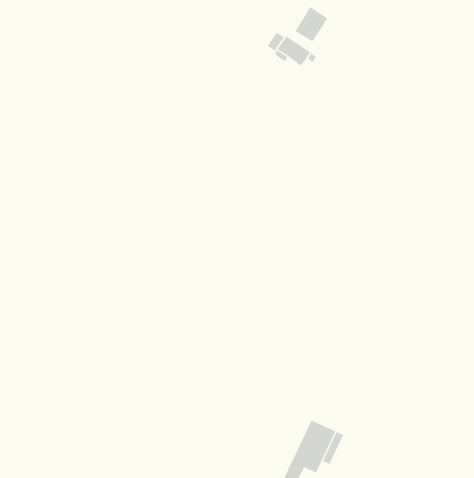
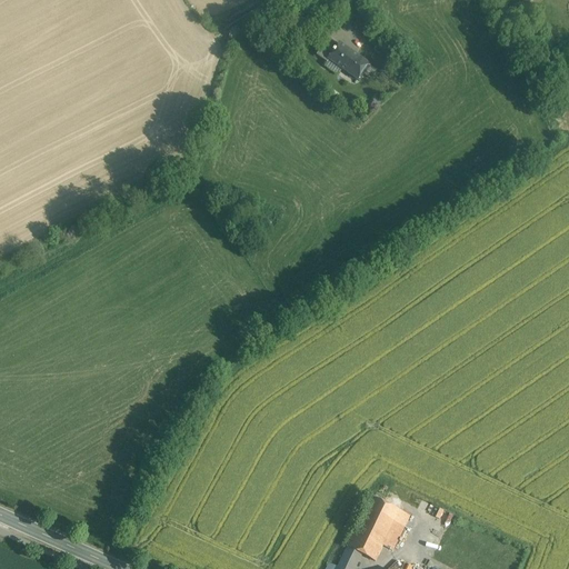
building: [295,6,328,43] -> none

